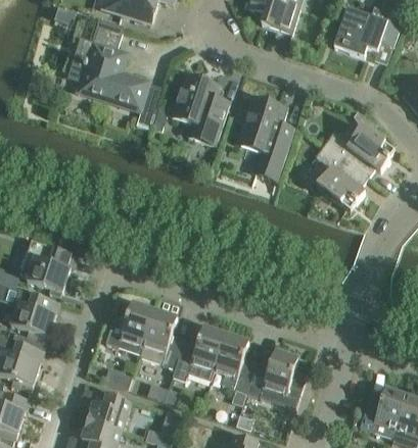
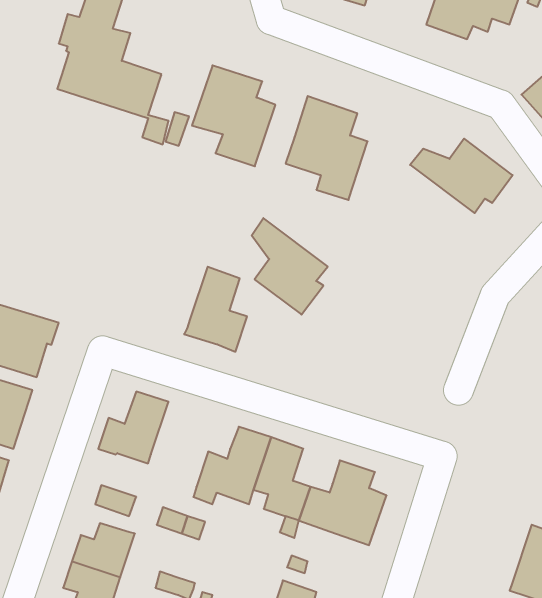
building: [315,144,368,211] -> [252,218,328,315]
building: [138,309,182,368] -> [184,267,247,352]
building: [359,388,408,438] -> none

